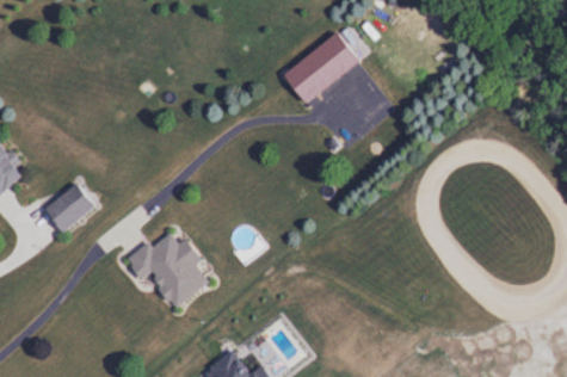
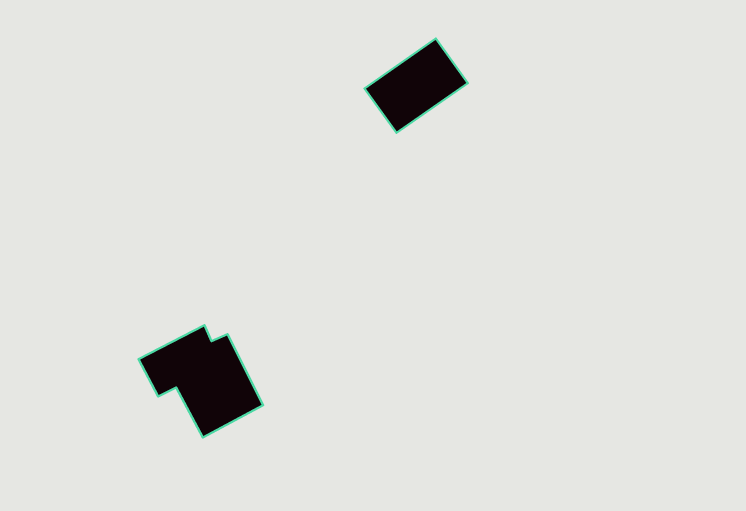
building: [44,184,94,233] -> none

